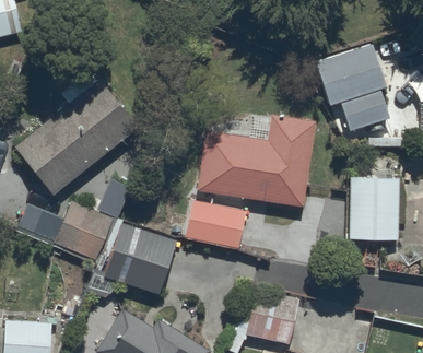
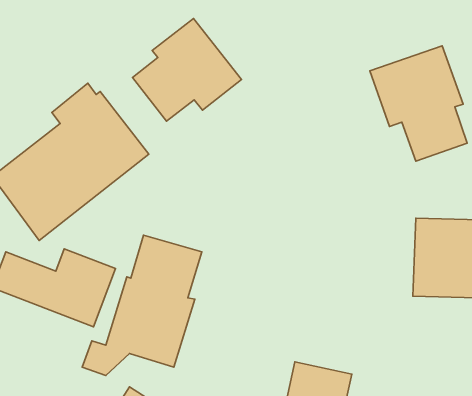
building: none -> [132,18,242,121]
building: [198,117,315,207] -> none
building: [186,200,247,250] -> none

